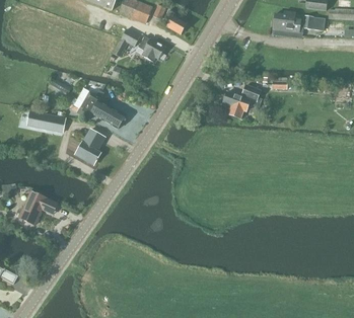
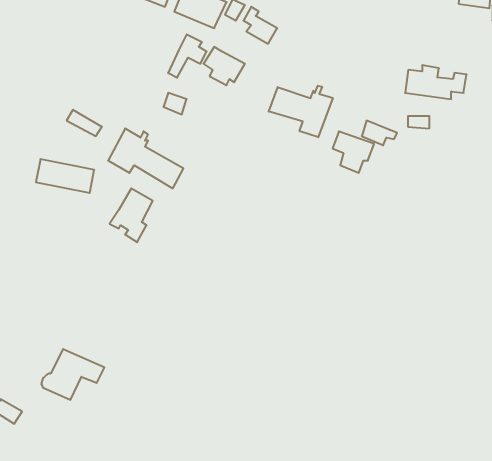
building: [273,10,313,32] -> [405,65,467,99]
building: none -> [269,86,333,137]
building: [16,190,58,224] -> [41,349,104,400]

